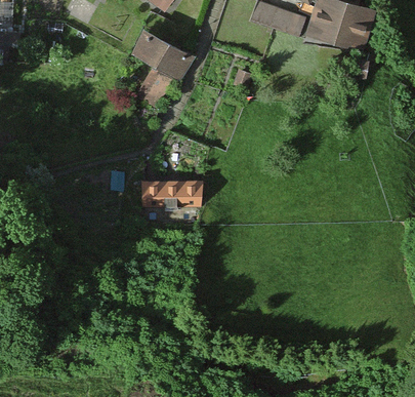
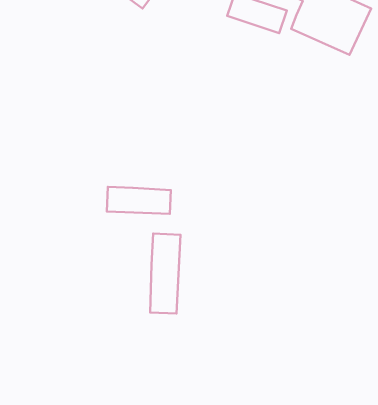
building: [129,31,189,81] -> none
building: none -> [150,233,180,314]

